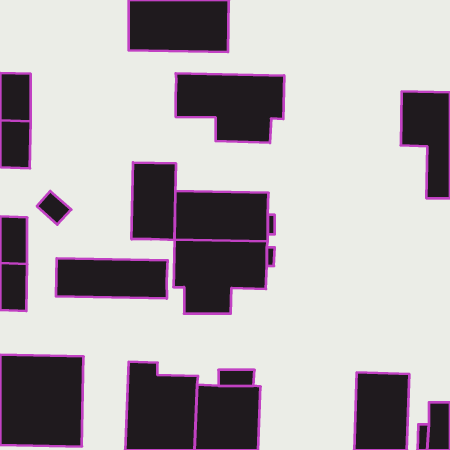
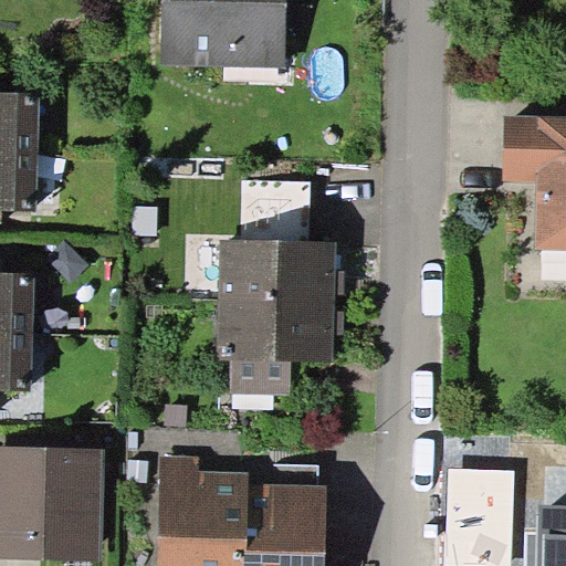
building: [176,73,284,143] -> none
building: [132,162,176,240] -> none
building: [56,258,168,299] -> none

